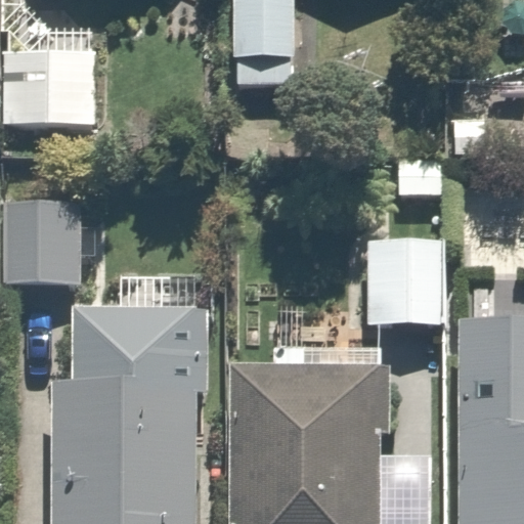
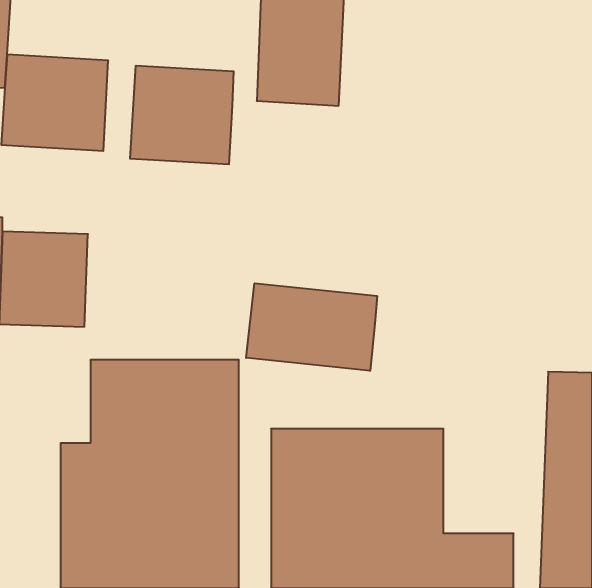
building: none -> [130,66,234,164]
building: [359,232,444,329] -> none
building: none -> [246,283,377,371]

